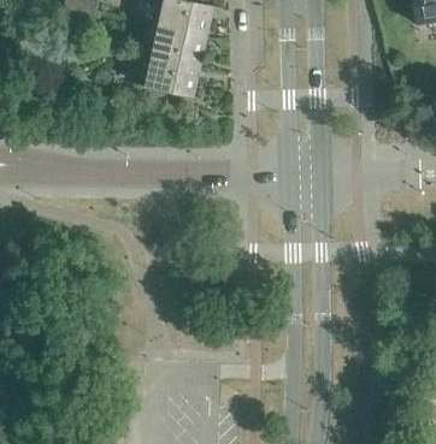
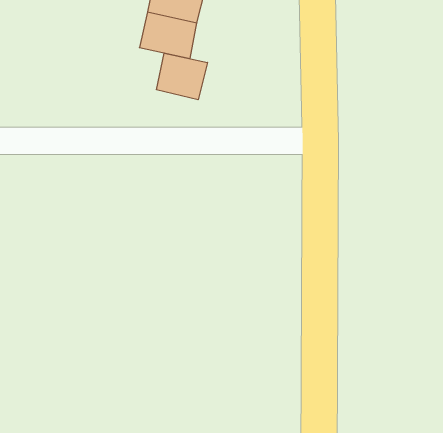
building: none -> [157,53,207,100]

